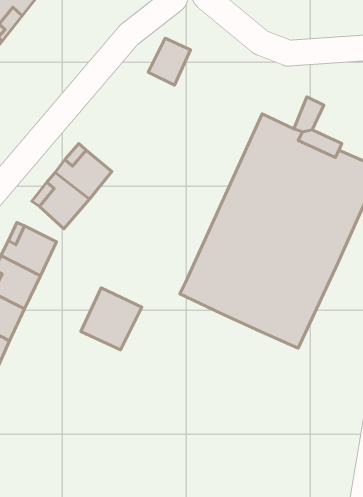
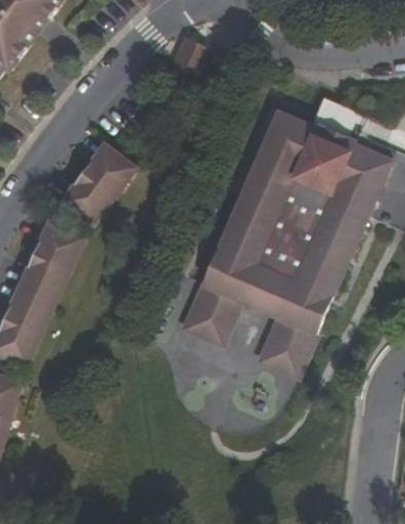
building: [81,288,142,350] -> [182,287,240,346]
building: none -> [259,322,315,379]

